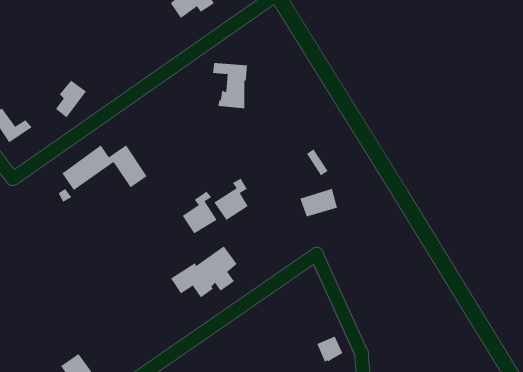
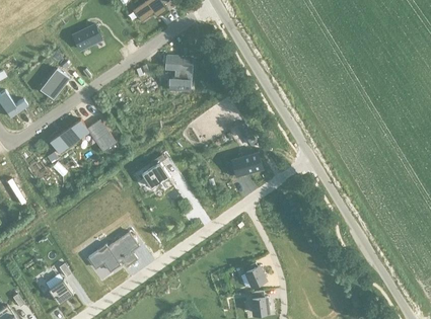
building: none -> [73,24,101,49]
building: [213,178,249,221] -> none
building: [170,245,237,298] -> [87,231,139,271]

